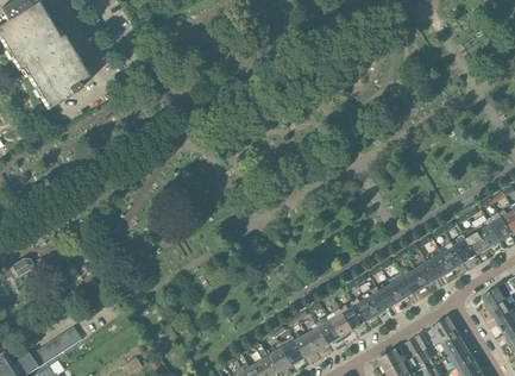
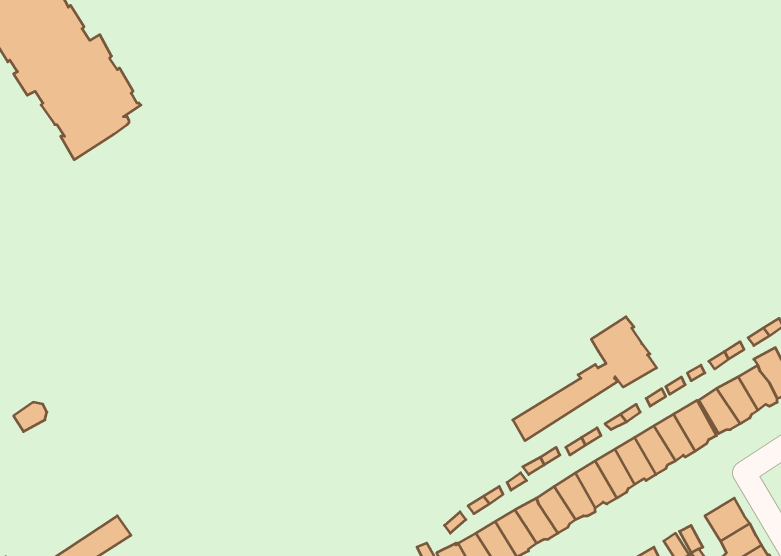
building: none -> [513,317,657,441]

